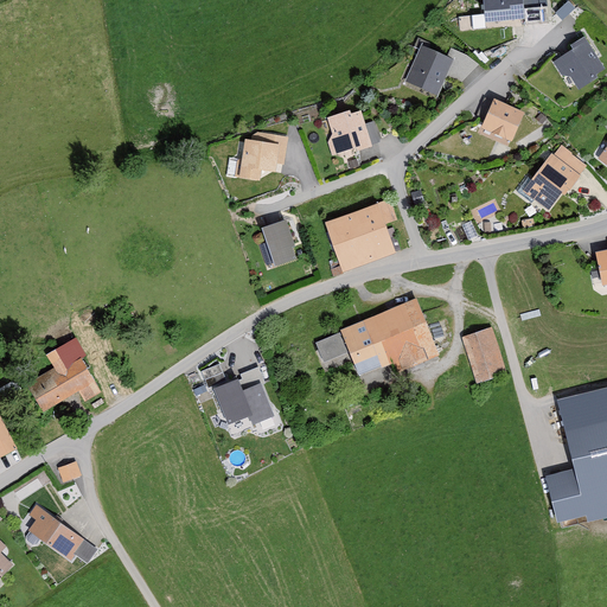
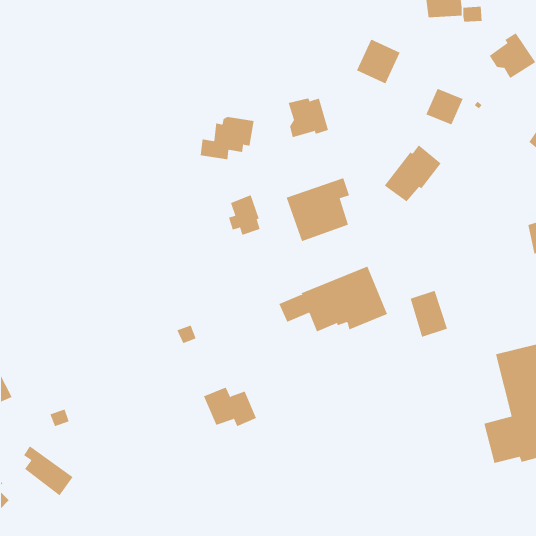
building: [522,146,587,211] -> [384,144,441,202]
building: [25,338,100,413] -> none
building: [215,379,275,424] -> [203,387,257,427]

